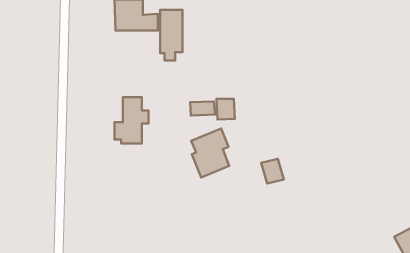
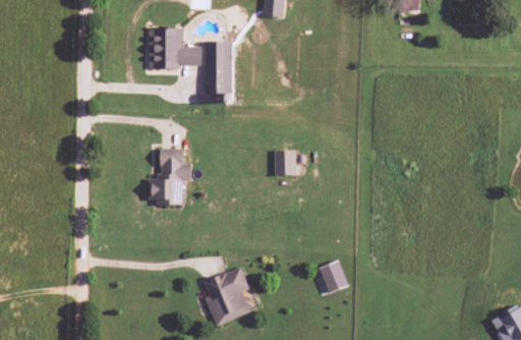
building: [190,101,215,116] -> none
building: [191,129,229,178] -> [204,266,250,326]
building: [261,159,284,184] -> [320,261,347,291]

